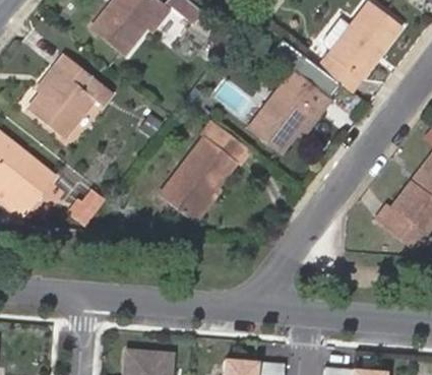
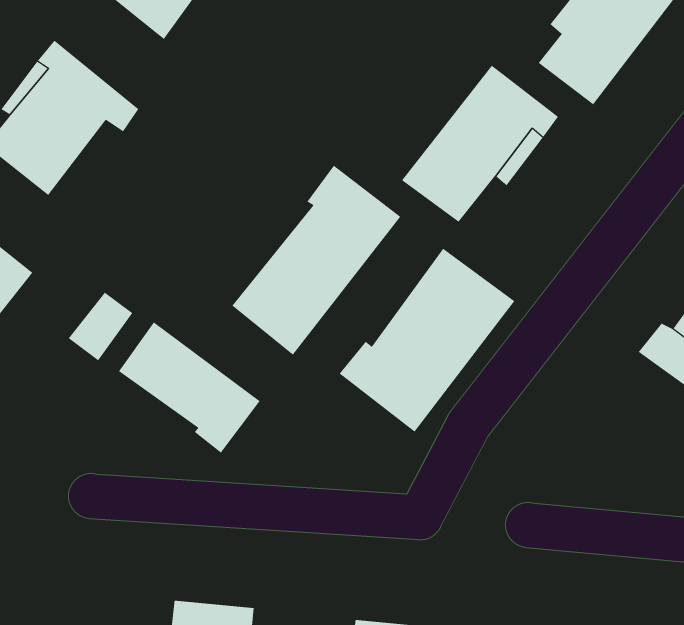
building: none -> [339,248,515,432]
building: none -> [118,322,260,453]

